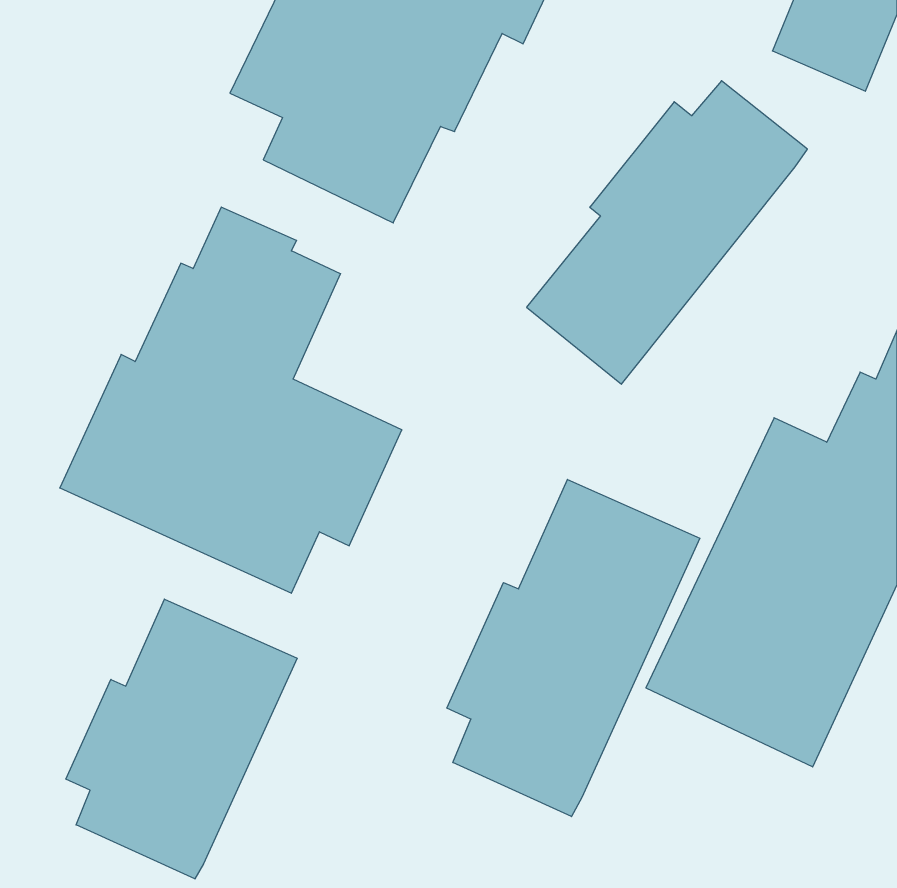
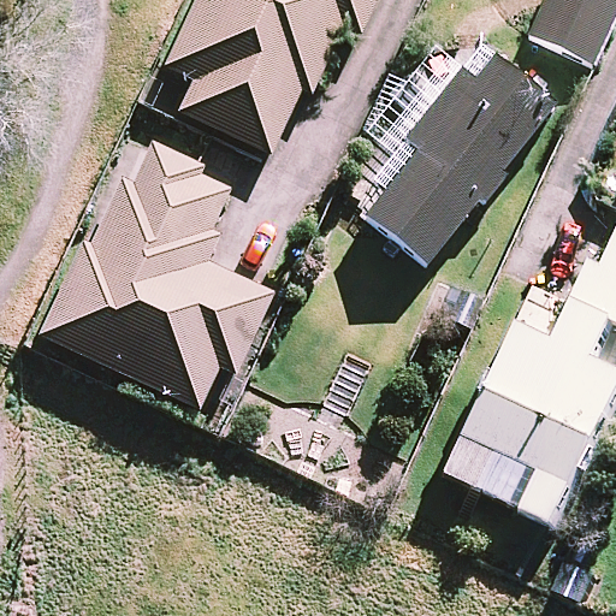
building: [447,479,700,817] -> none
building: [66,599,297,879] -> none

